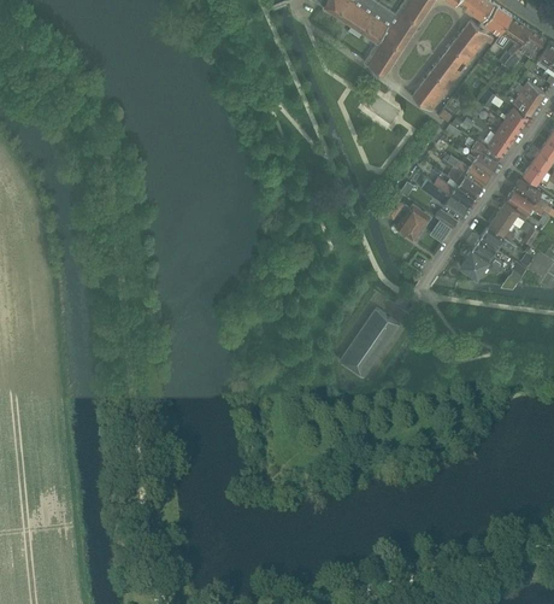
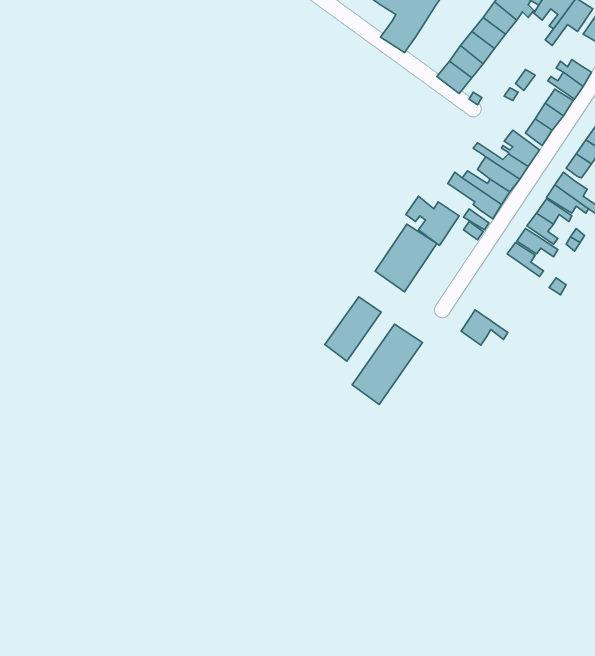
building: none -> [375,224,437,292]
building: [460,248,500,278] -> [461,310,508,345]
building: none -> [325,297,381,361]

